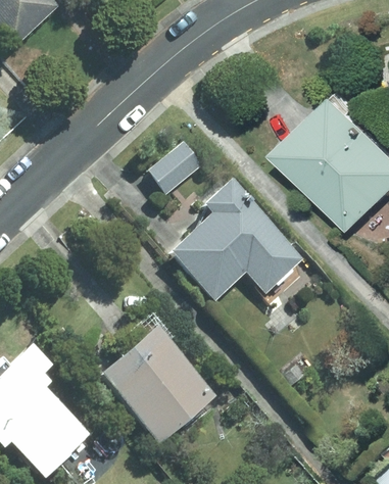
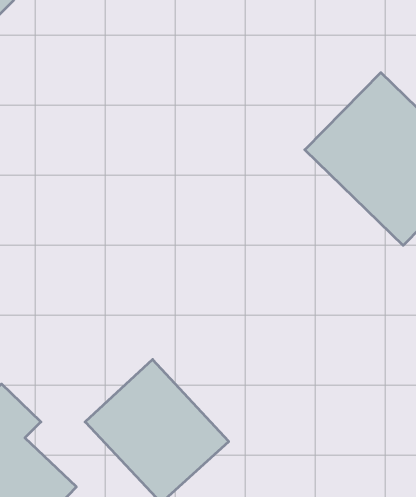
building: [146,140,202,195] -> none
building: [167,181,304,303] -> none

